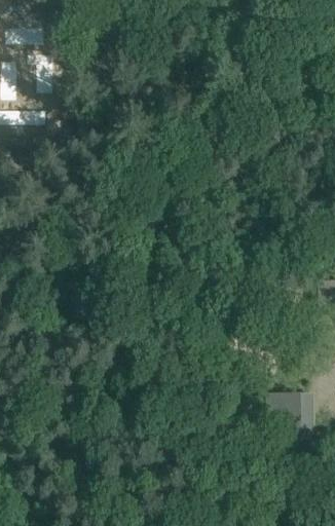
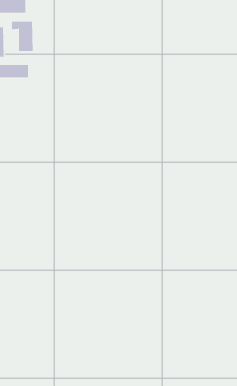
building: [270,392,300,440] -> none

